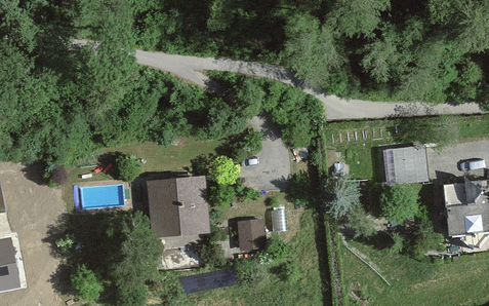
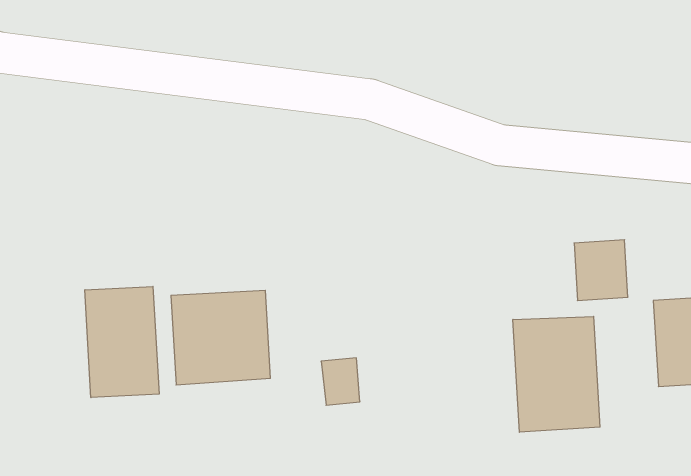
building: none -> [85,286,159,398]
building: none -> [513,316,600,432]

